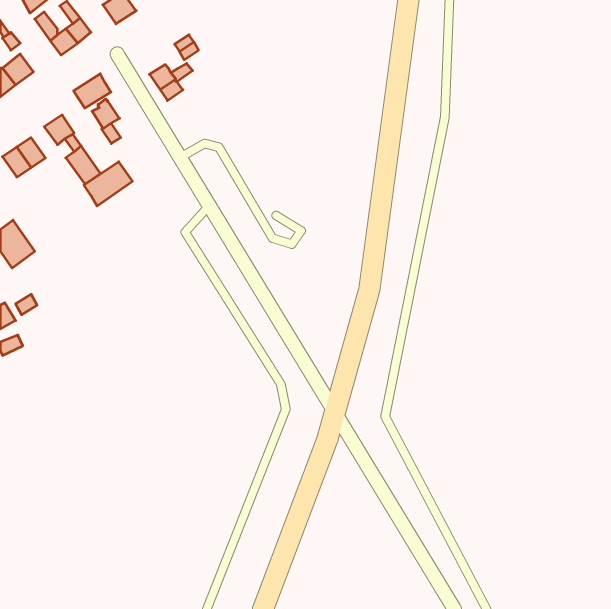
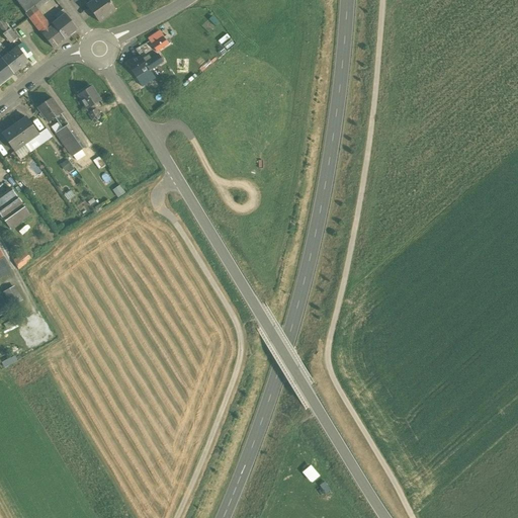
building: [74,74,111,108] -> none
building: [84,162,132,206] -> none

